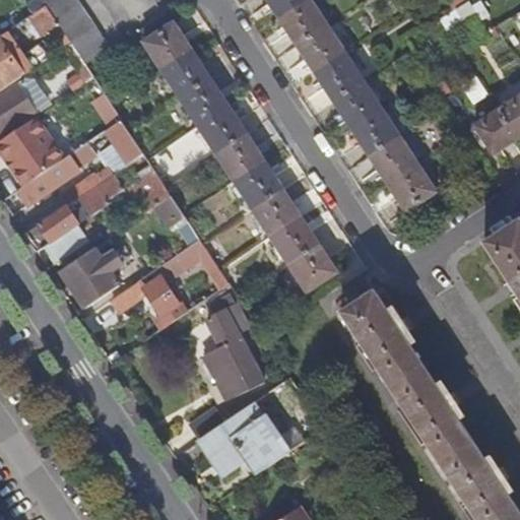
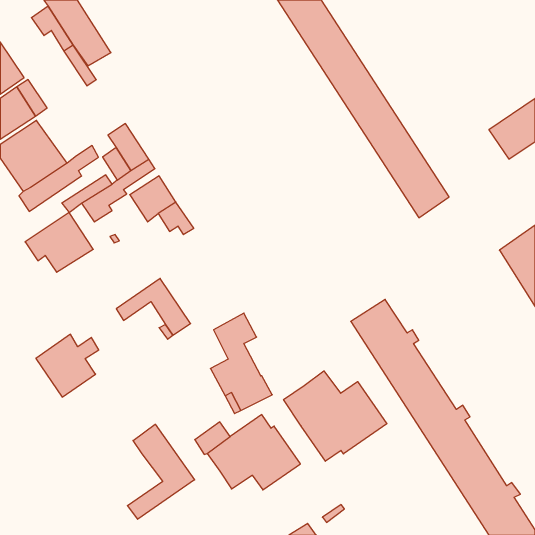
building: [144,22,336,291] -> none
building: [159,241,229,289] -> none
building: [61,247,122,308] -> [36,334,99,397]
building: none -> [284,371,387,461]
building: none -> [127,424,195,519]

